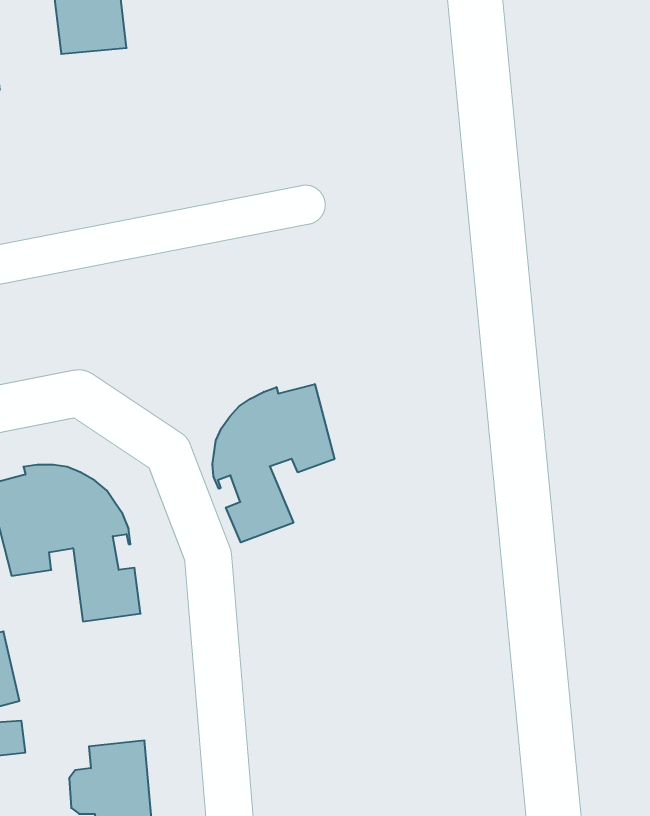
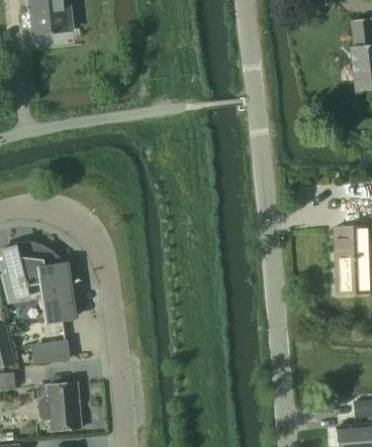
building: [213,384,334,542] -> none
building: none -> [35,342,69,362]

